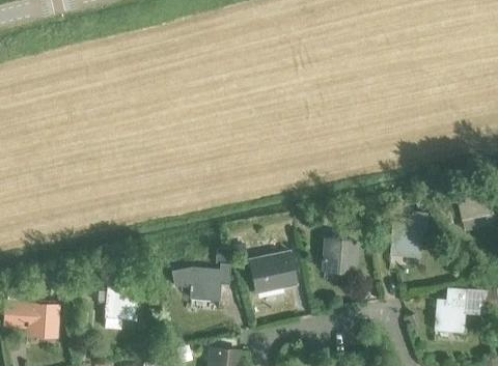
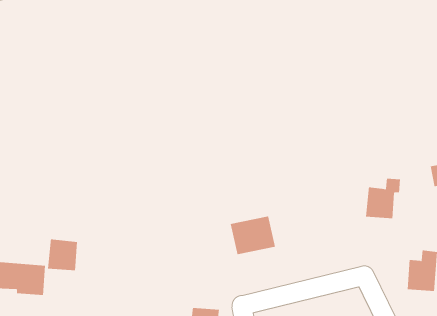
building: [325,240,355,272] -> none
building: [172,264,230,301] -> none
building: [105,286,137,319] -> [47,239,78,271]

